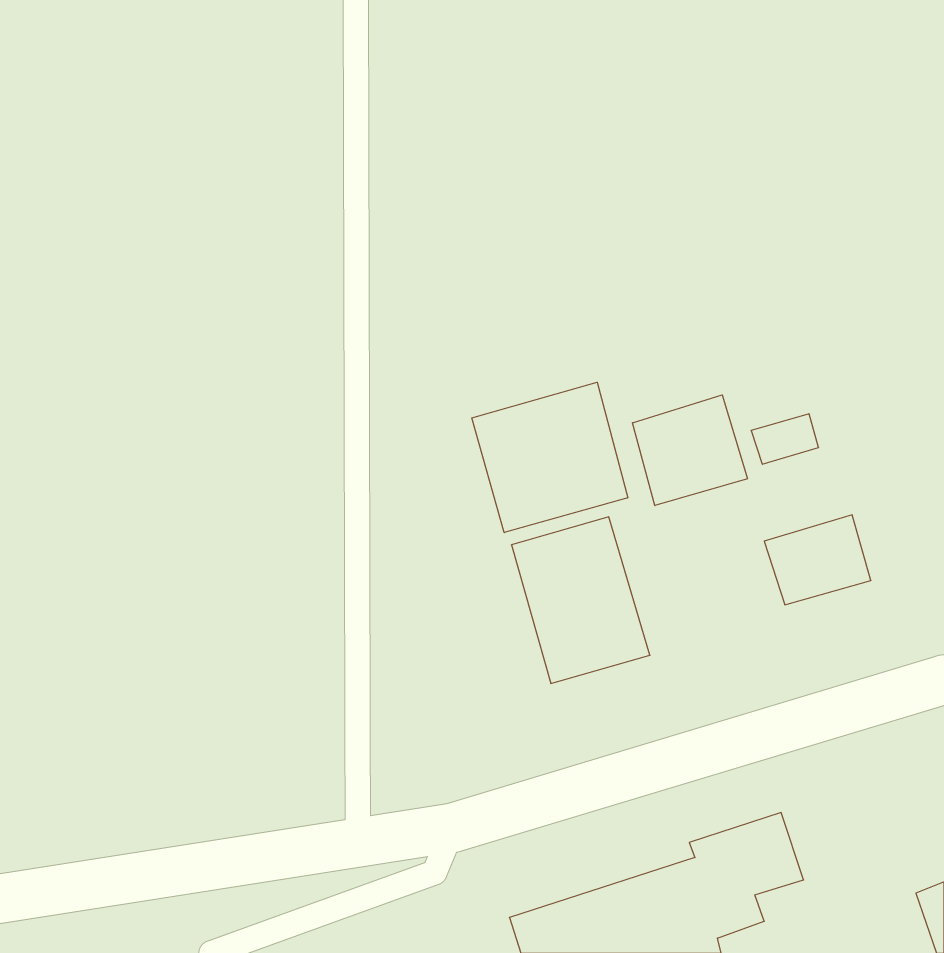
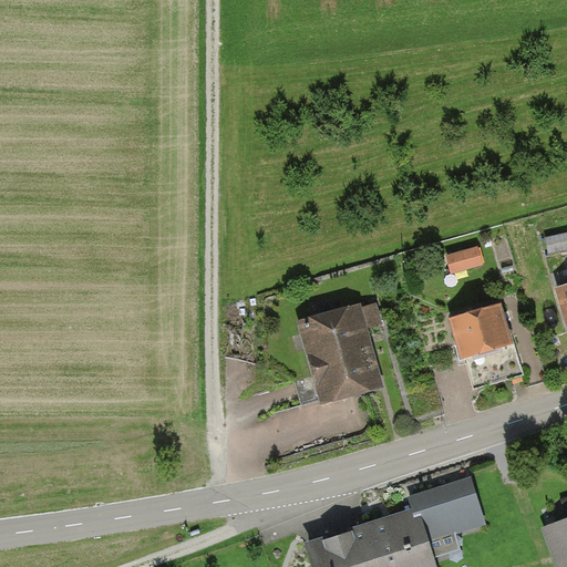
building: [472,382,628,533] -> none
building: [632,395,747,506] -> none

